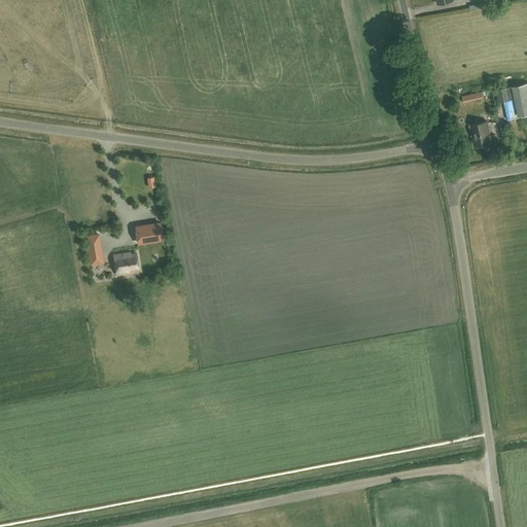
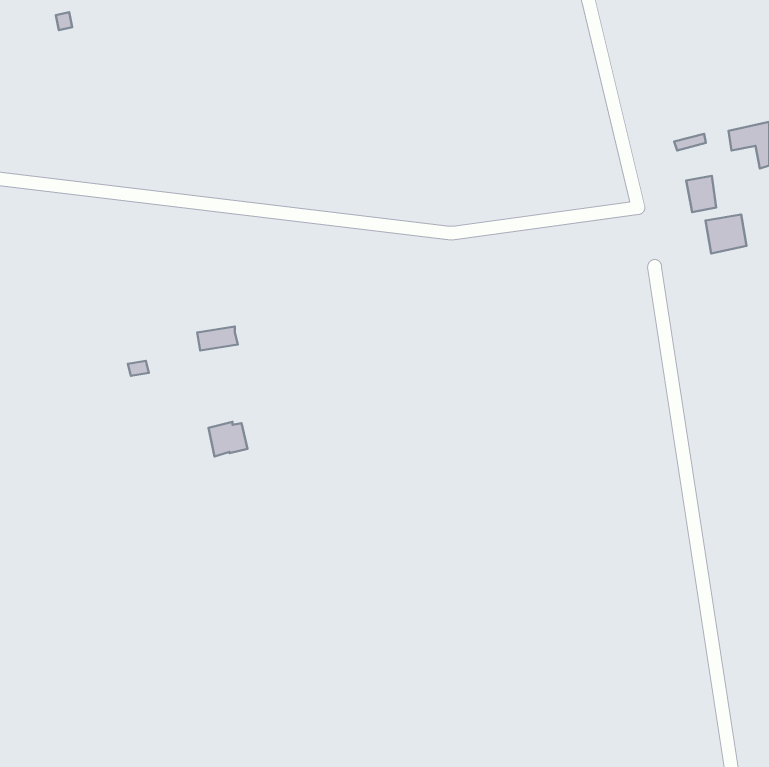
building: none -> [705,215,746,253]
building: [113,252,140,276] -> [208,422,248,456]

